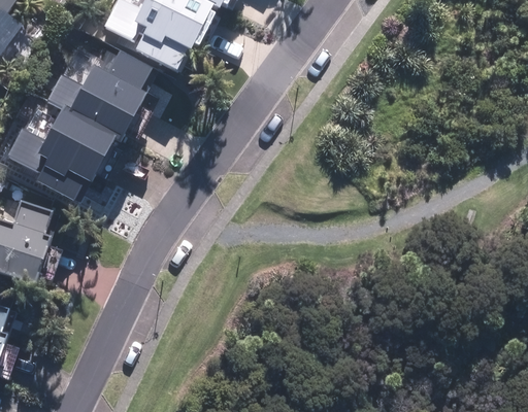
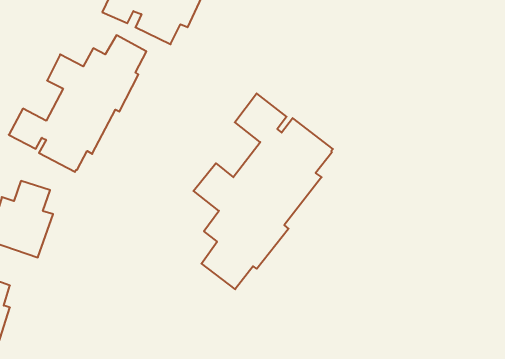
building: none -> [193,93,333,289]

